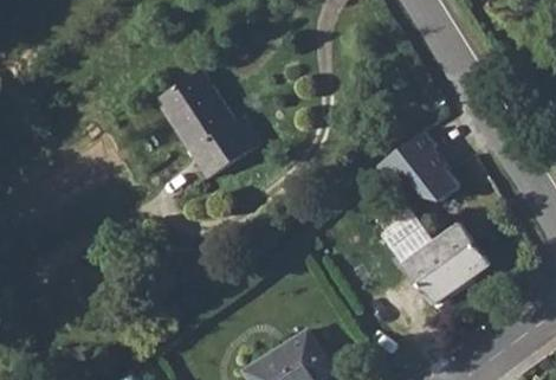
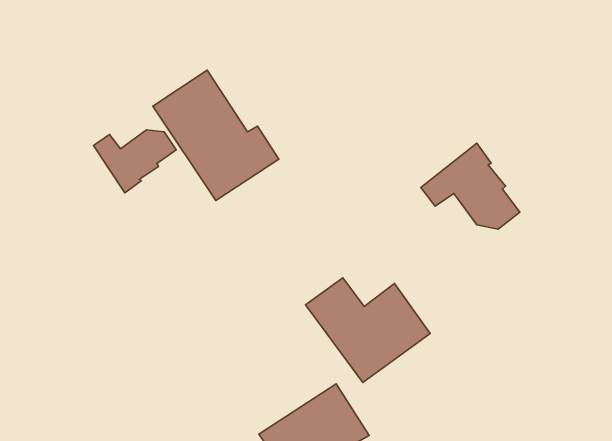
building: none -> [93,130,176,193]
building: [384,217,487,303] -> [306,278,430,382]

